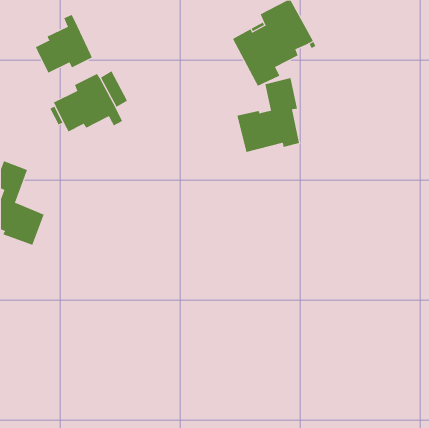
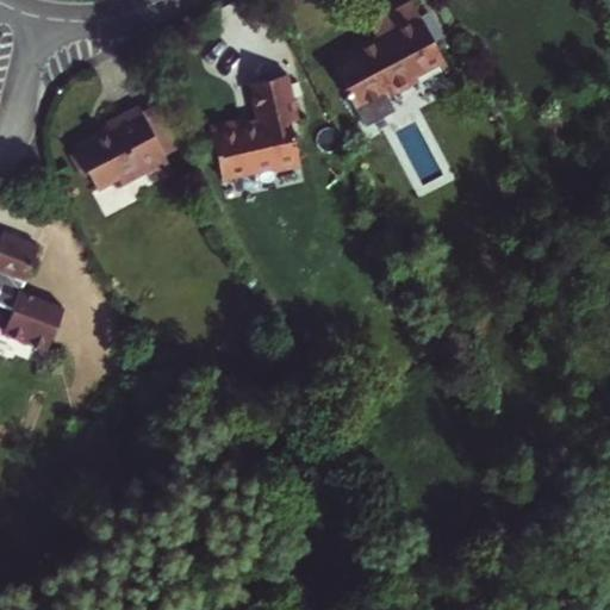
building: [35,14,93,74] -> none
building: [237,78,300,152] -> [208,75,298,181]

